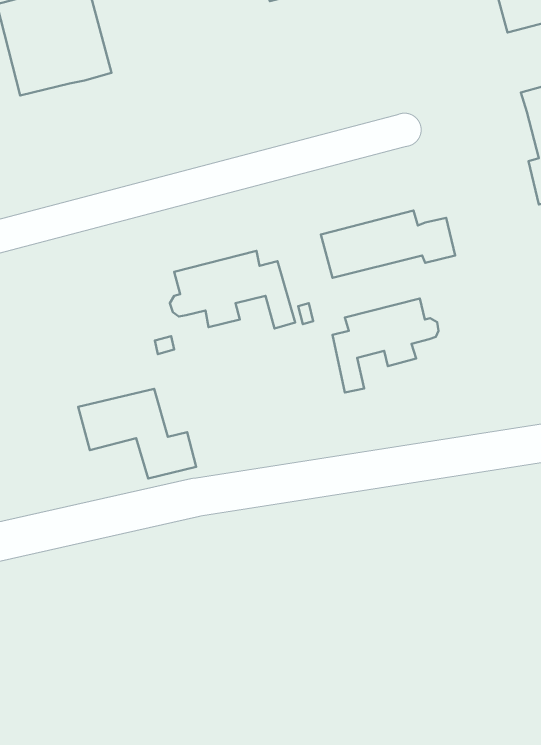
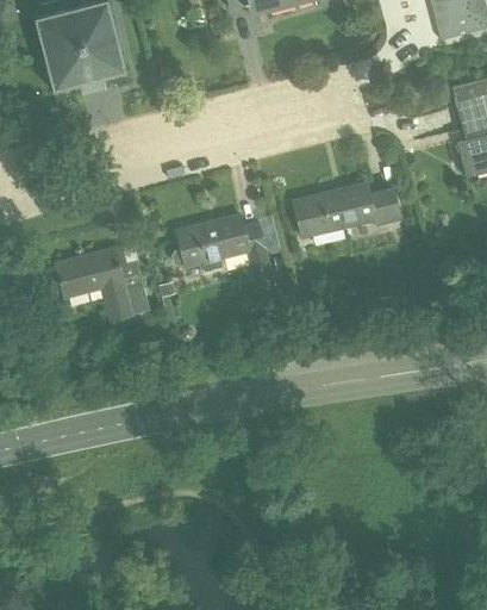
building: [333,299,439,393] -> none
building: [78,389,196,479] -> [56,247,150,318]

